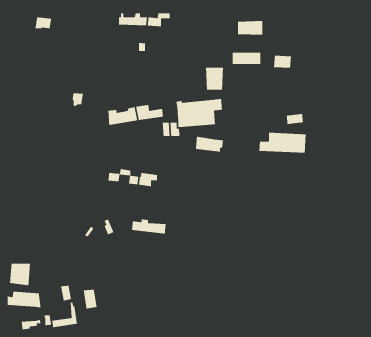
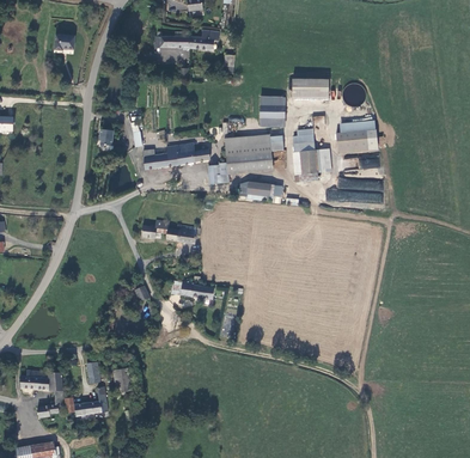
building: [237,20,263,36] -> none
building: none -> [337,120,378,148]
building: none -> [294,128,332,182]
building: [9,263,31,286] -> none

